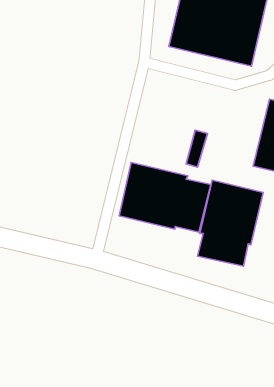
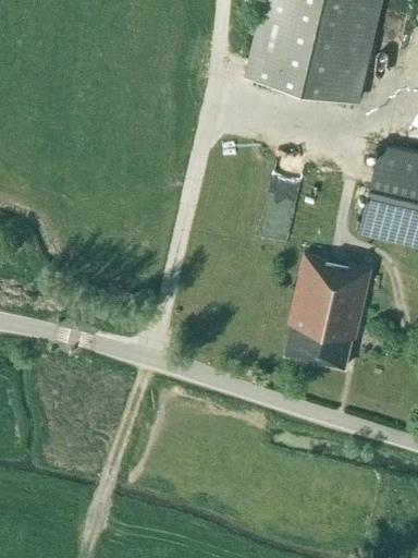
building: [119,163,211,232] -> none

